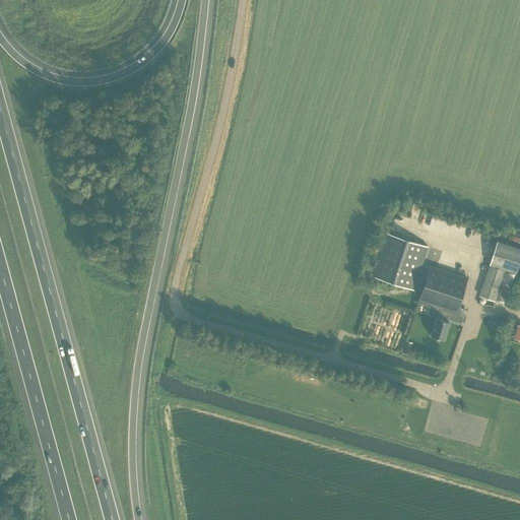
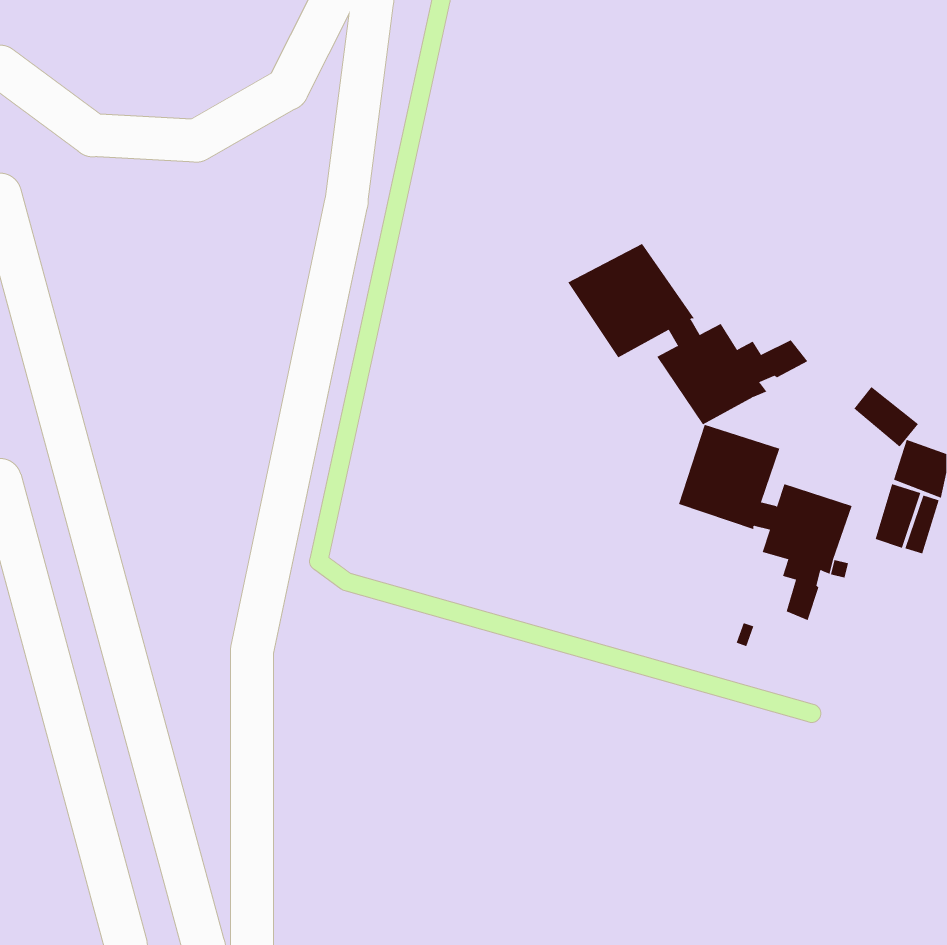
building: none -> [568,243,808,425]
building: none -> [854,386,919,447]

